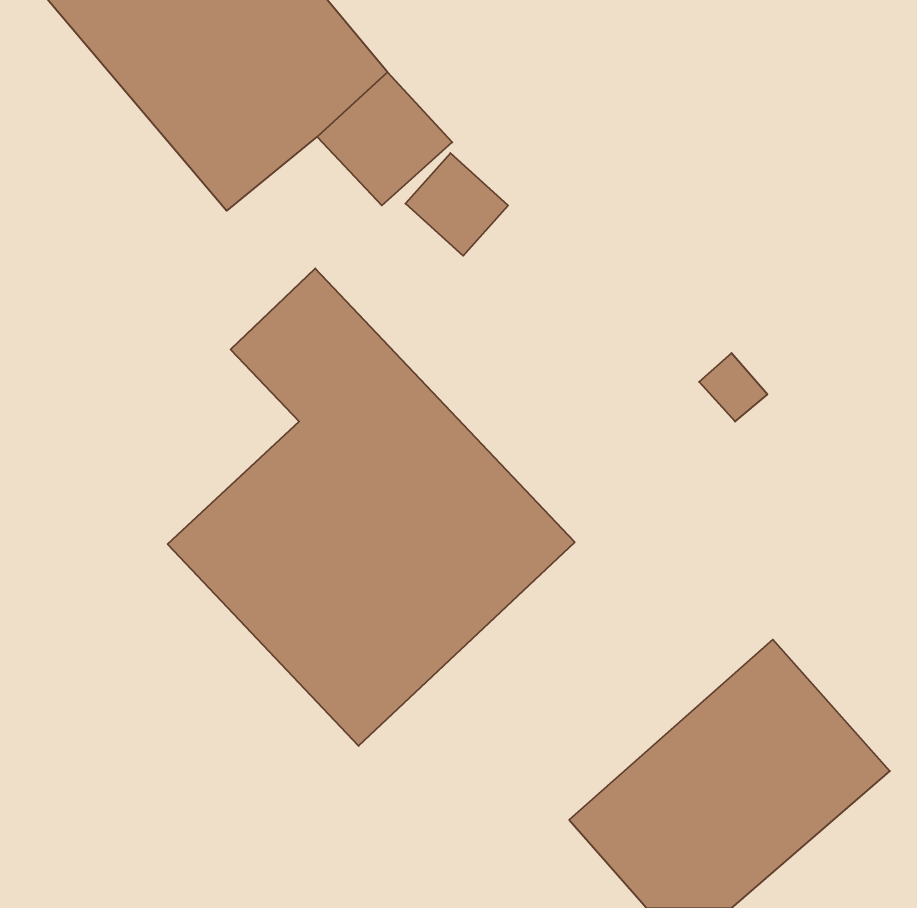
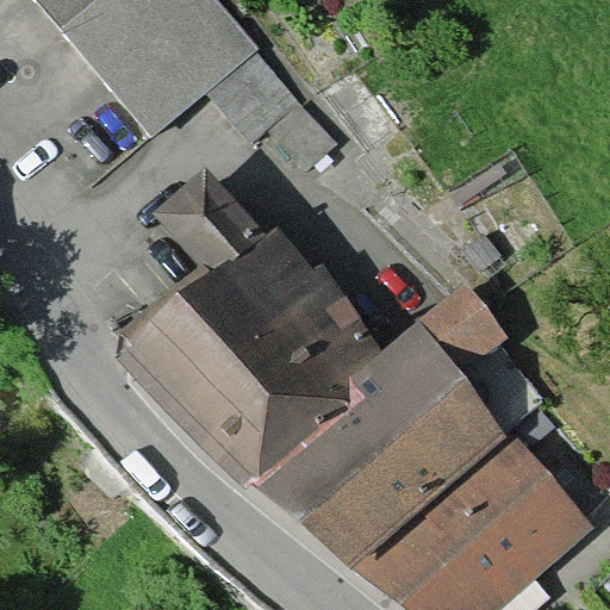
building: none -> [279,320,509,539]

